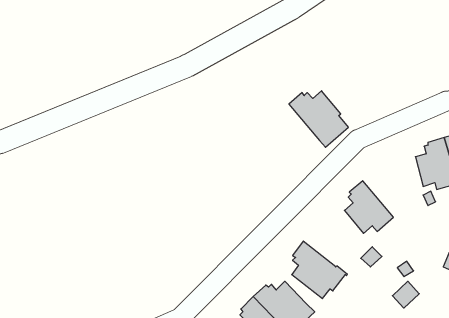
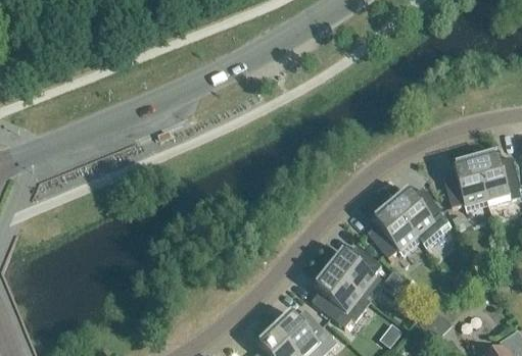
building: [289,91,348,147] -> [387,187,450,247]
building: none -> [324,245,381,293]

